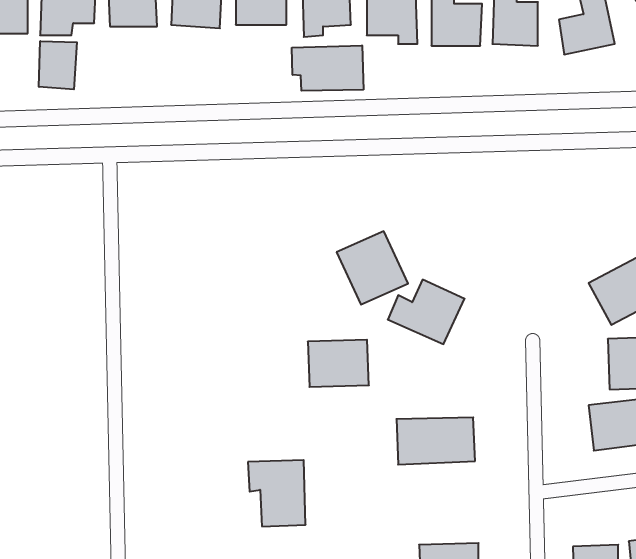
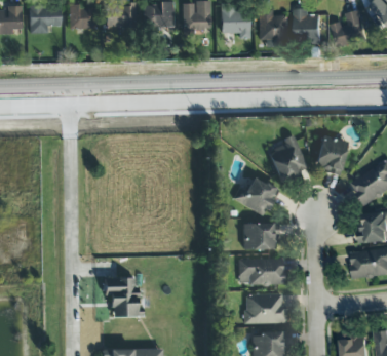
building: [39,41,77,89] -> none
building: [292,45,363,91] -> none
building: none -> [313,134,348,174]
building: [337,231,408,305] -> [266,137,308,181]
building: [308,340,369,387] -> [241,223,277,250]
building: [248,460,306,526] -> [103,278,137,317]
building: none -> [244,294,284,324]

